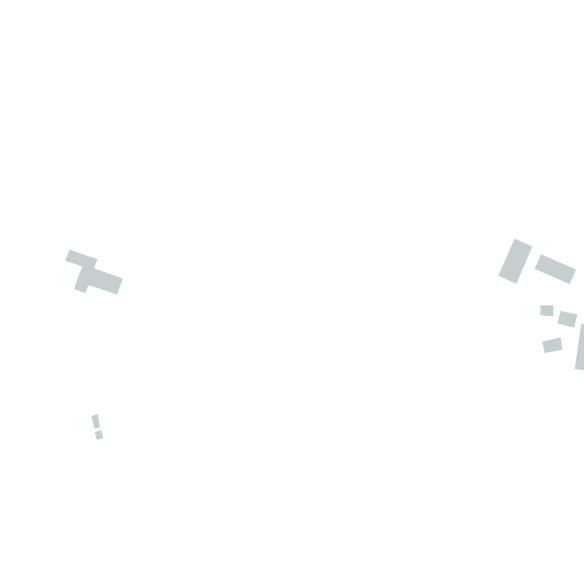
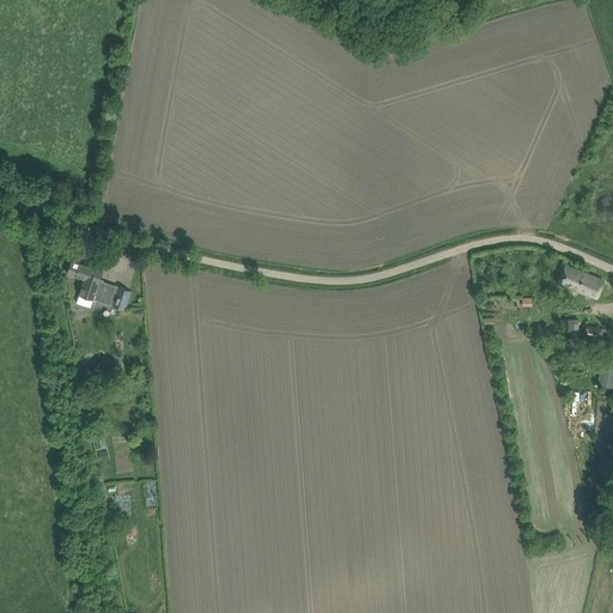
building: [497,237,534,285] -> none

